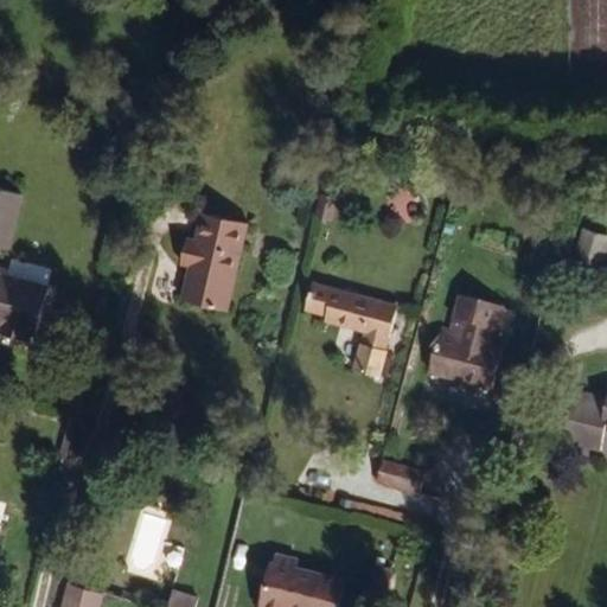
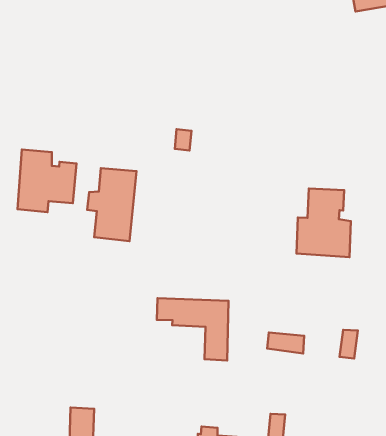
building: none -> [17,149,77,212]
building: [304,285,395,373] -> [157,298,229,360]

